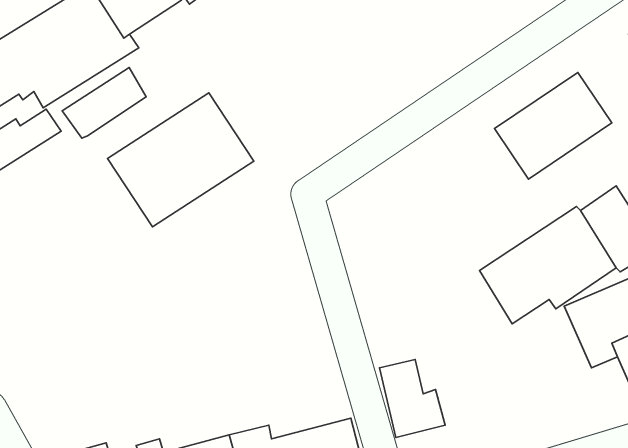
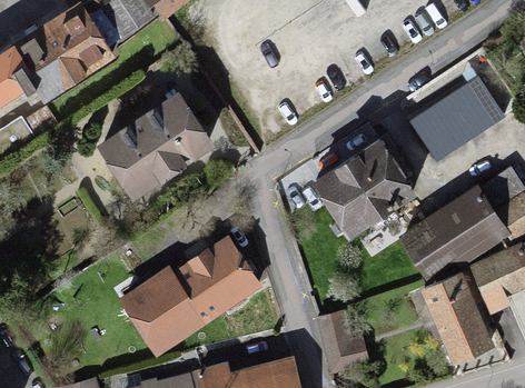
building: [62,68,146,138] -> none
building: none -> [311,139,417,241]
building: none -> [118,236,261,357]
building: none -> [419,269,493,365]

